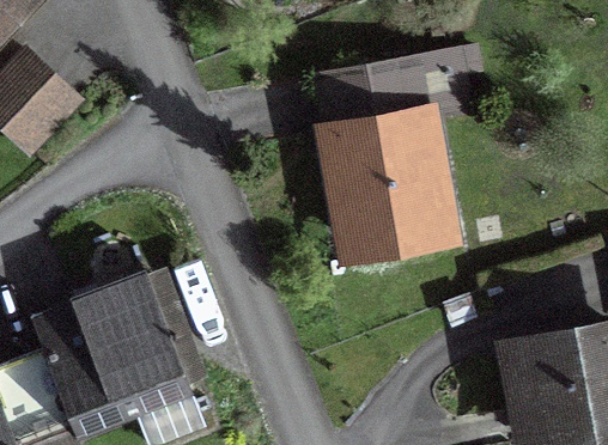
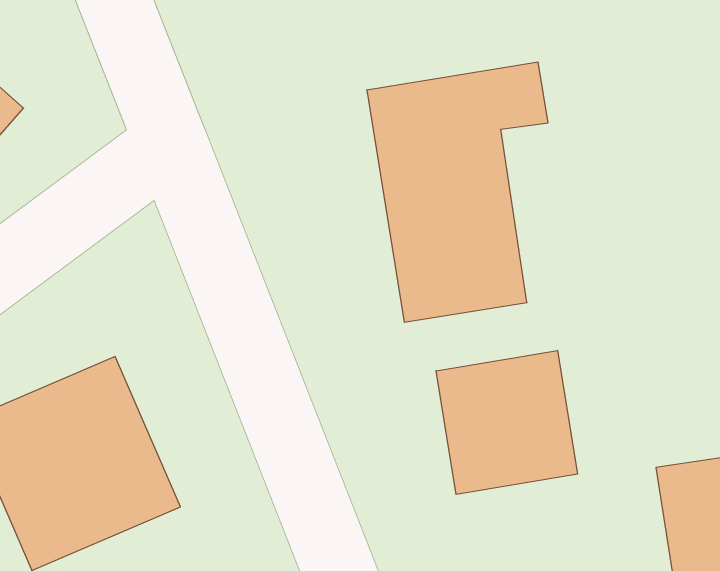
building: none -> [436,350,578,494]

